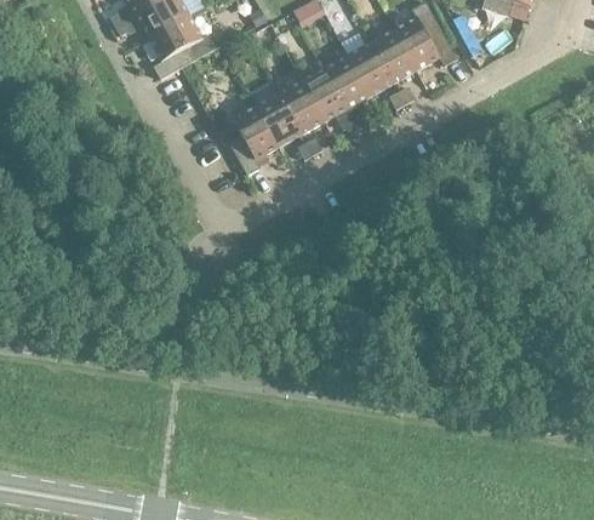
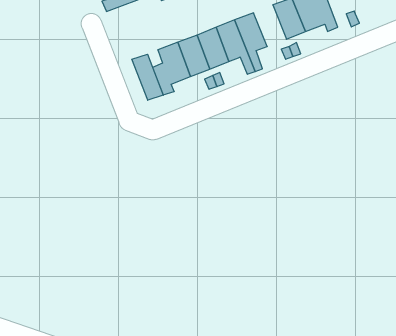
building: [347,42,393,96] -> none
building: none -> [132,54,163,100]

